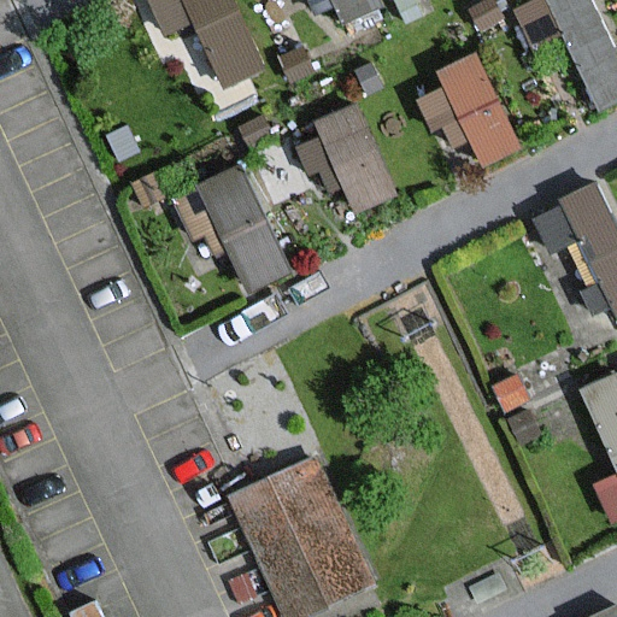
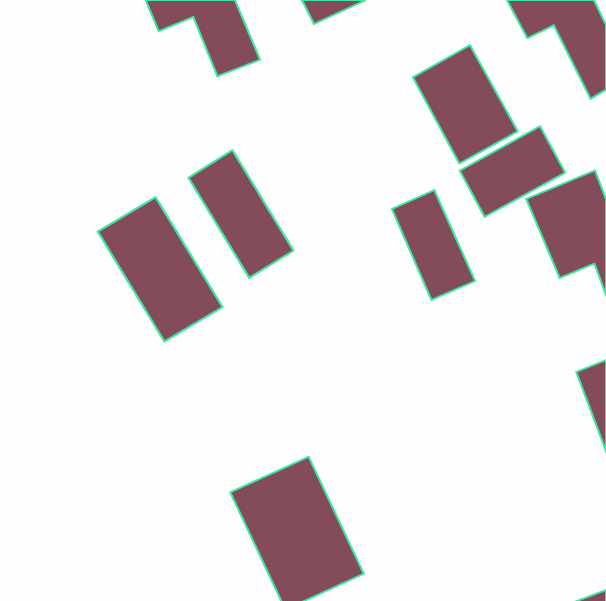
building: [313,100,398,211] -> [392,190,475,300]
building: none -> [460,126,565,217]
building: none -> [98,197,222,342]

